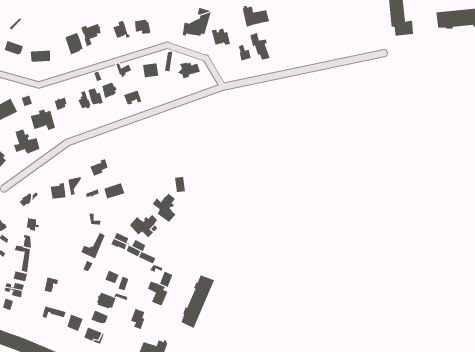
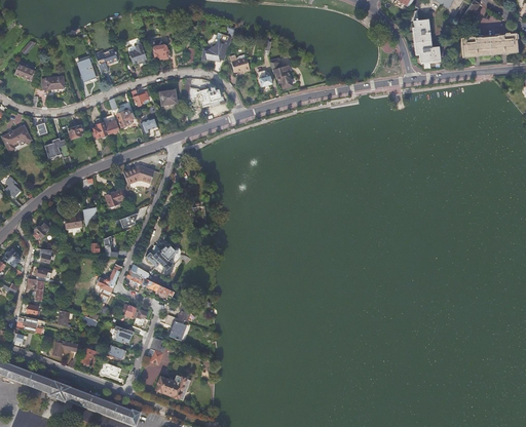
building: [242,5,270,28] -> none
building: [13,129,40,155] -> none
building: none -> [122,165,154,185]
building: [152,193,177,223] -> none
building: [181,274,215,329] -> none

